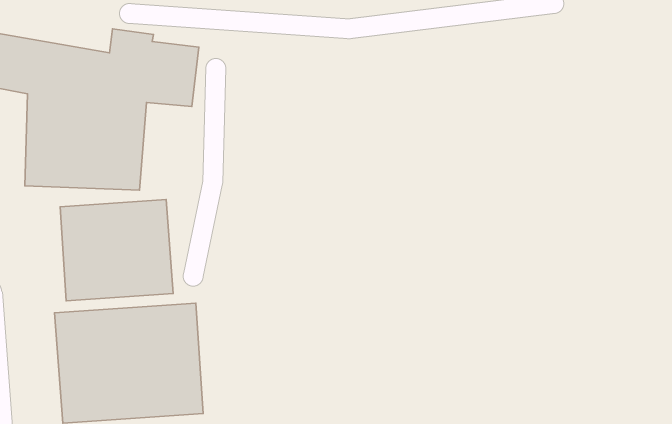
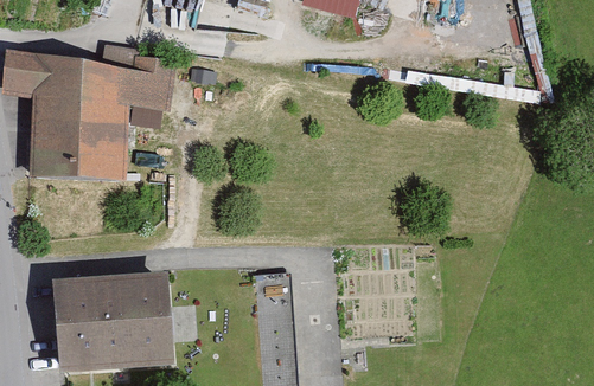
building: [60,199,173,301] -> none

